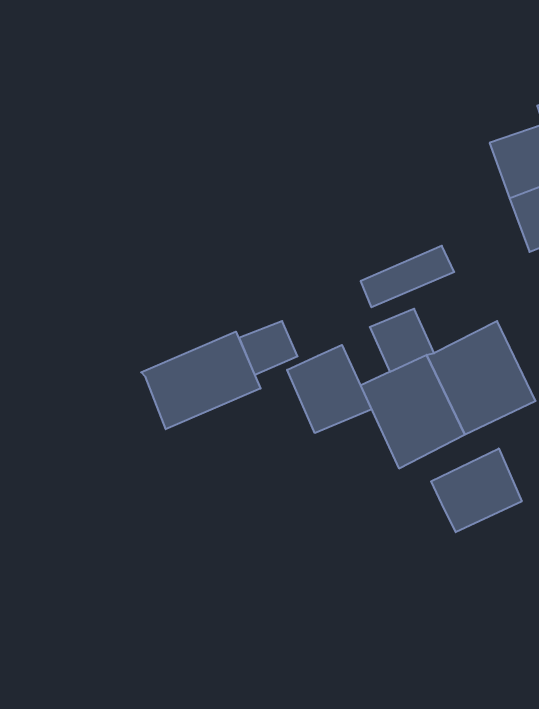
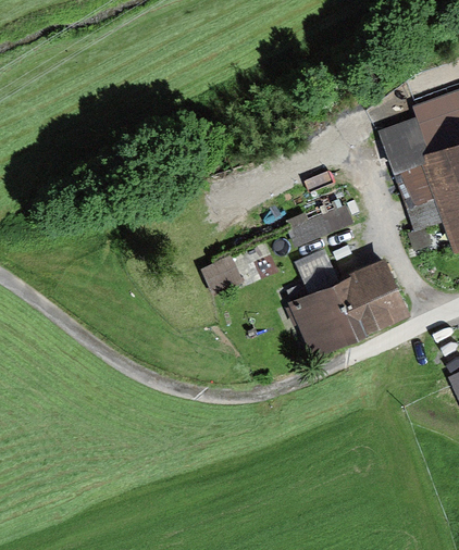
building: [141,332,261,429] -> none
building: [287,345,372,433] -> none
building: [431,448,522,532] -> none

